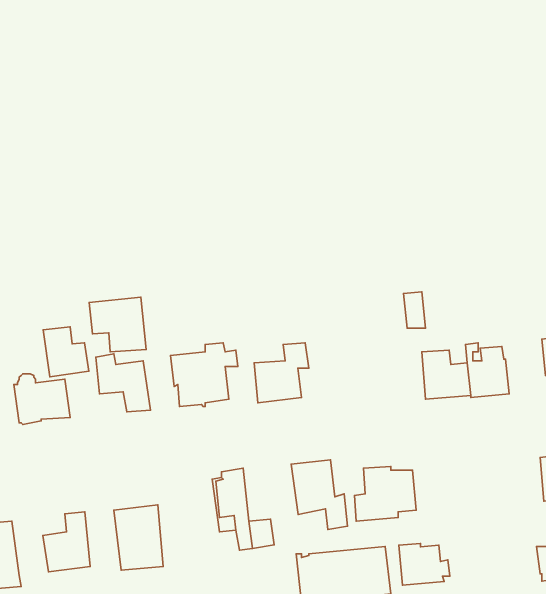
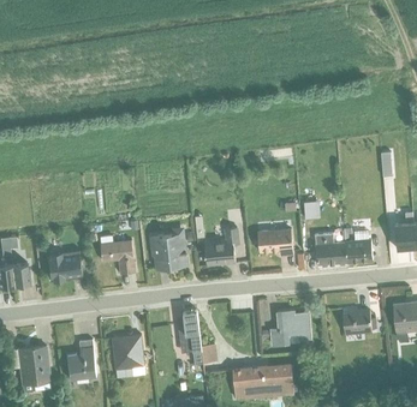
building: [89,297,146,352] -> none
building: [43,327,89,377] -> none
building: none -> [256,227,292,255]
building: [291,460,347,530] -> none
building: [399,543,450,585] -> [341,306,375,334]

